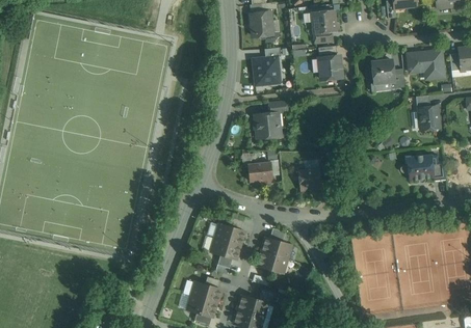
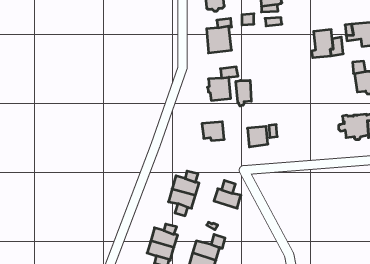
building: [319,55,341,79] -> none
building: none -> [236,80,251,106]
building: [257,250,287,272] -> none

